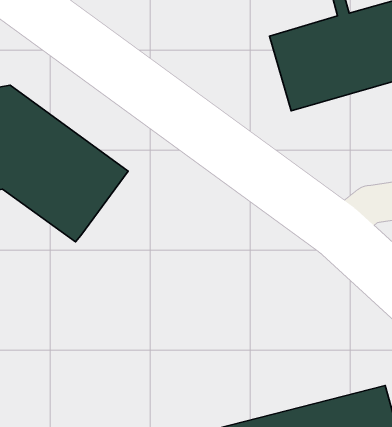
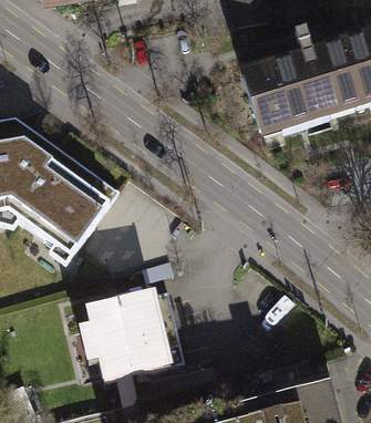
building: none -> [84,291,184,385]

